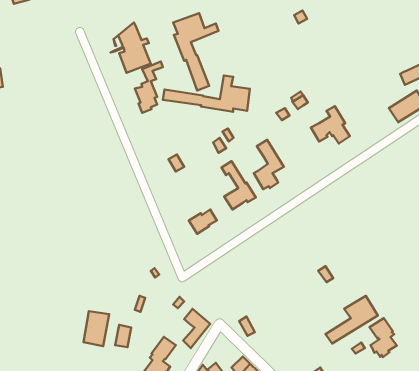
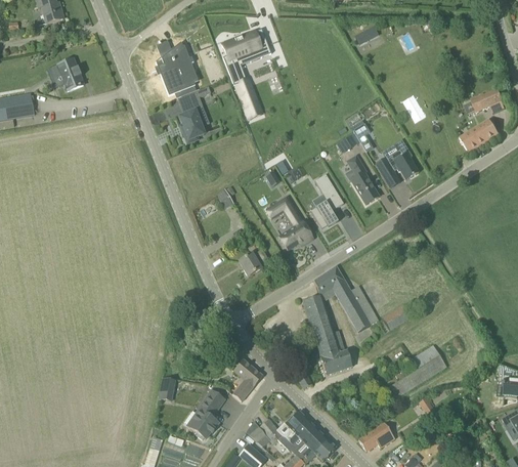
building: none -> [53,57,83,90]
building: [163,75,250,112] -> none
building: none -> [346,155,377,202]
building: none -> [303,265,378,374]
building: [84,311,109,346] -> none
building: [369,318,397,357] -> none

